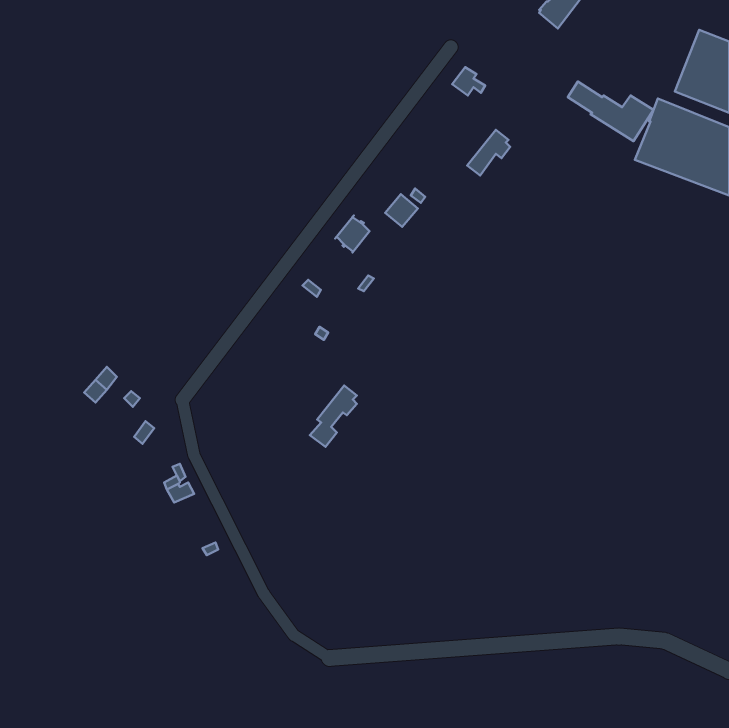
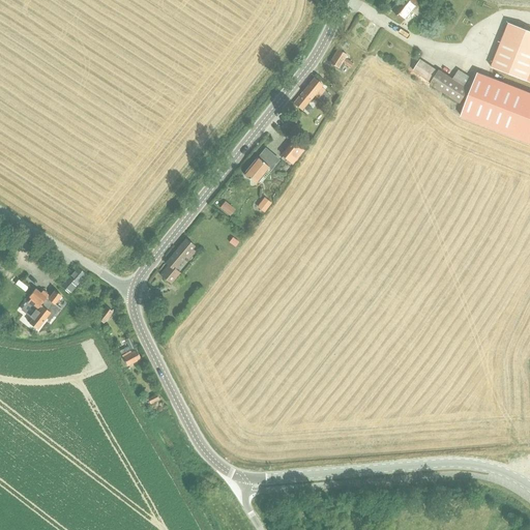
building: [467,130,510,175] -> [292,78,323,111]
building: [310,385,357,447] -> [159,238,194,283]
building: none -> [28,287,61,328]

